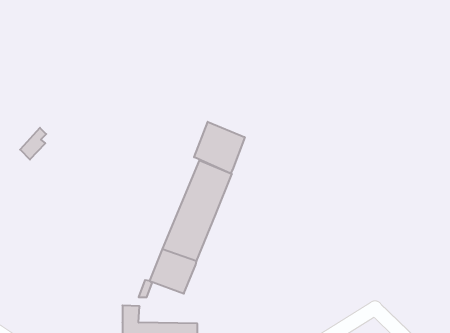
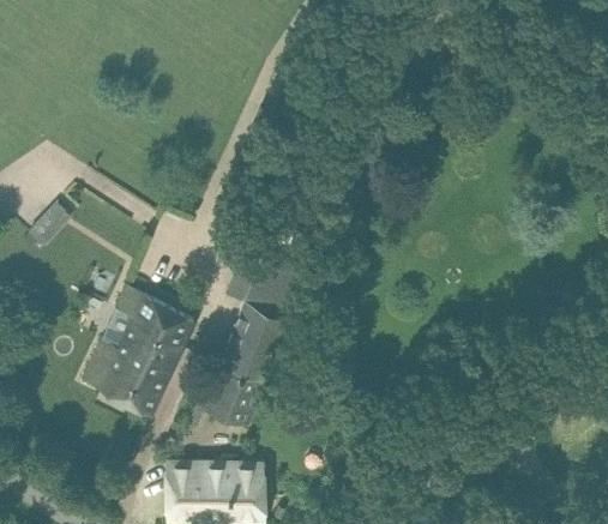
building: [194,122,245,173] -> none
building: none -> [84,288,194,411]

